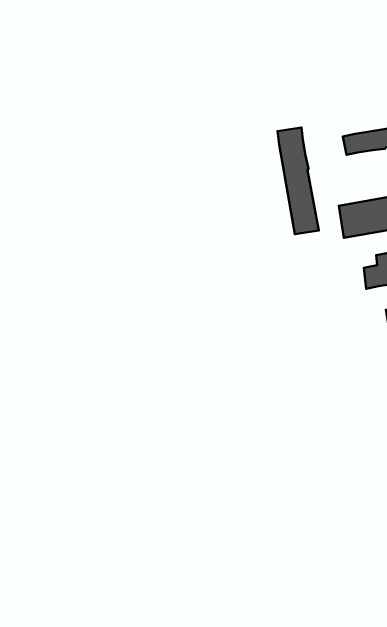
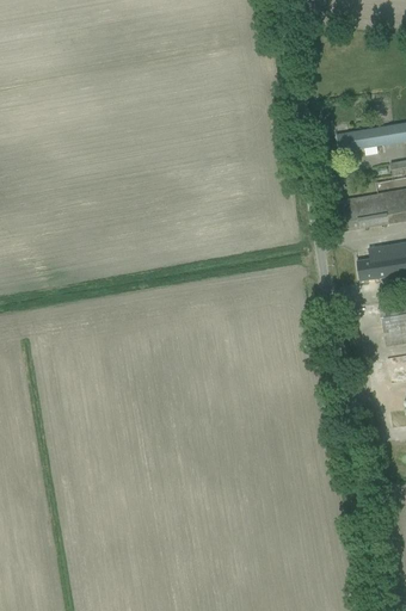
building: [277,128,319,234] -> none

